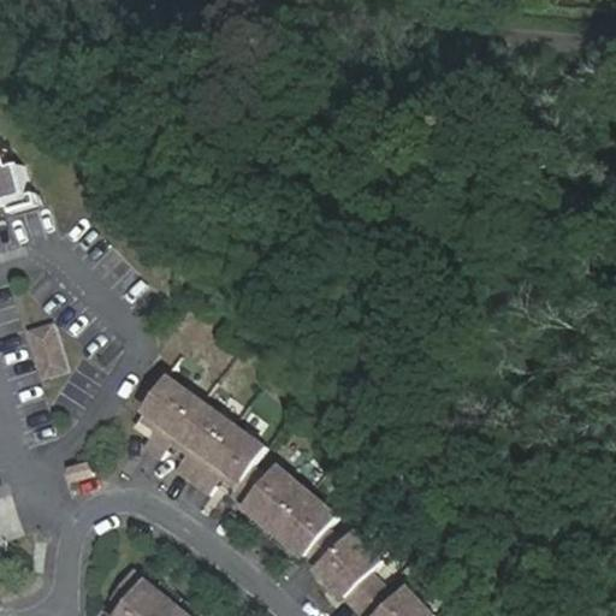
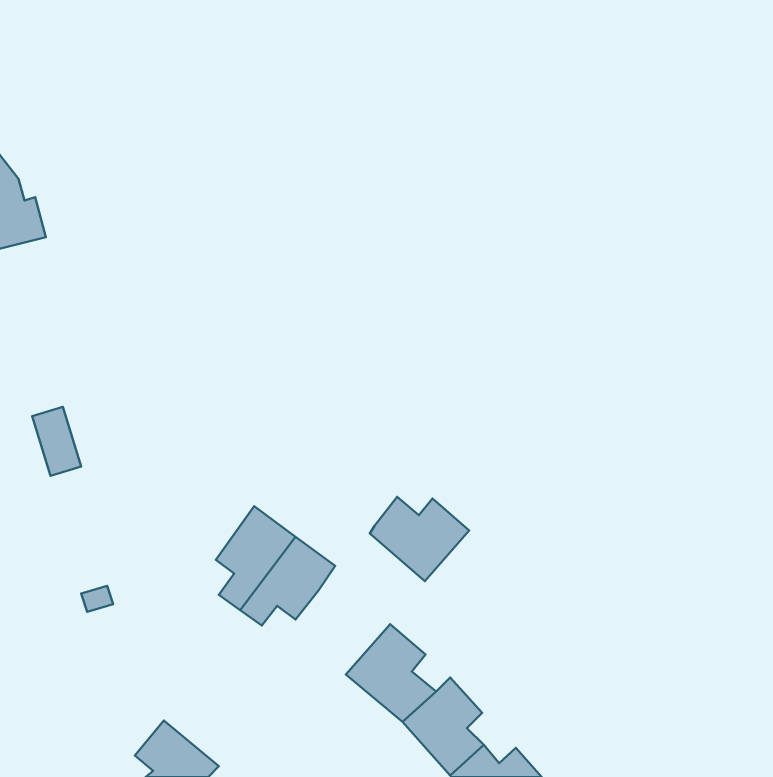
building: [137,375,200,457] -> none
building: [229,464,307,531] -> [370,497,469,581]

